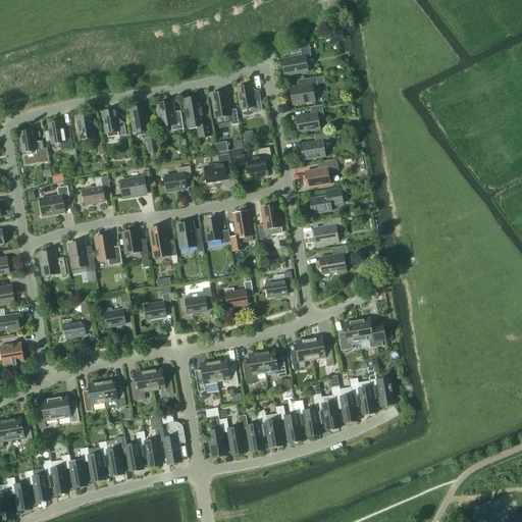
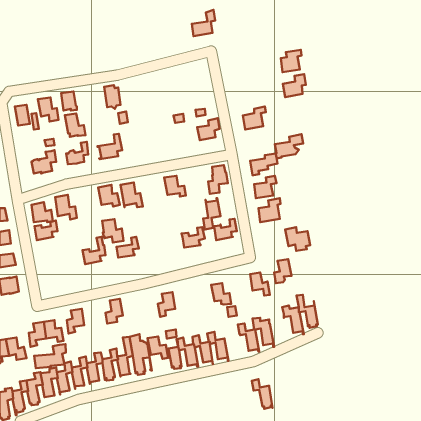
building: [281,42,310,74] -> [192,10,215,36]
building: [291,76,316,104] -> [281,50,302,72]
building: [237,84,262,111] -> none
building: [211,91,238,124] -> none
building: [182,96,210,137] -> none
building: [156,101,182,129] -> none
building: [295,104,323,133] -> [283,74,306,97]
building: [101,108,126,137] -> [65,114,85,137]
building: [204,154,231,182] -> none
building: [304,159,338,189] -> [275,134,303,158]
building: [164,165,191,190] -> none
building: [230,211,252,250] -> [203,198,220,229]
building: [176,221,203,252] -> none
building: [95,237,121,265] -> [102,219,124,242]
building: [185,286,212,313] -> none
building: [62,313,91,337] -> [34,220,58,240]
building: [356,317,386,347] -> [285,227,310,251]
building: [291,338,312,370] -> none
building: [244,352,265,383] -> none
building: [213,358,238,385] -> none
building: [148,367,173,395] -> [148,337,168,359]
building: [101,378,125,406] -> none
building: [330,385,357,421] -> none
building: [275,405,301,441] -> [252,379,272,409]
building: none -> [34,344,66,368]

